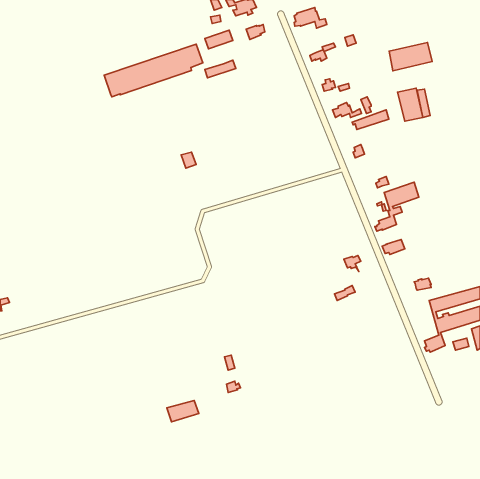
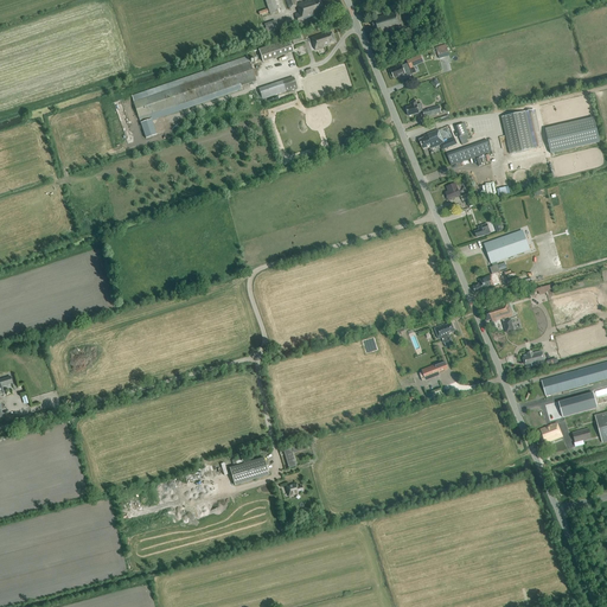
building: [389,43,432,71] -> [544,117,599,153]
building: [167,400,199,422] -> [229,456,269,484]

